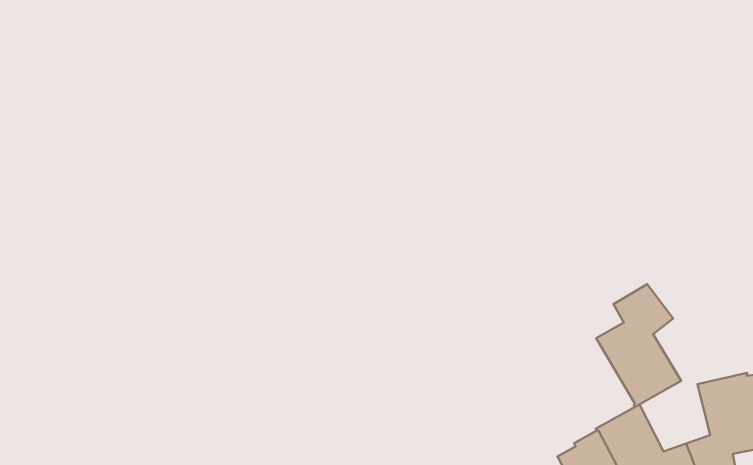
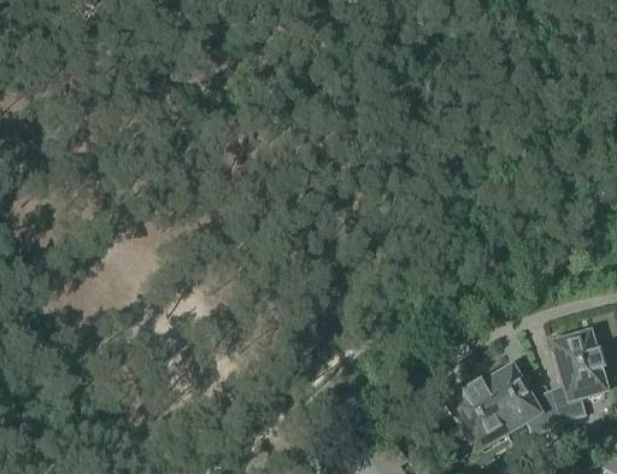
building: [596,284,681,407] -> none

